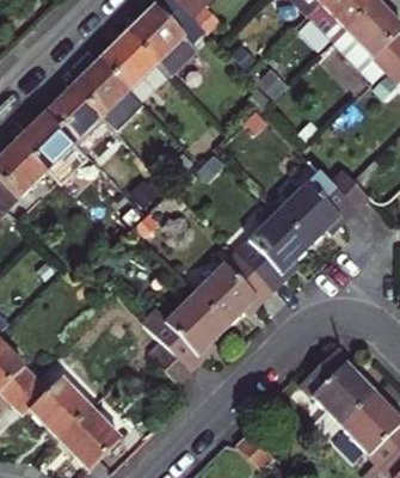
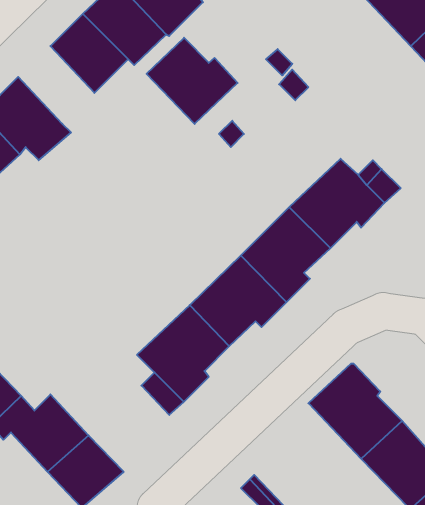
building: none -> [147,38,238,124]
building: [49,84,111,147] -> none

